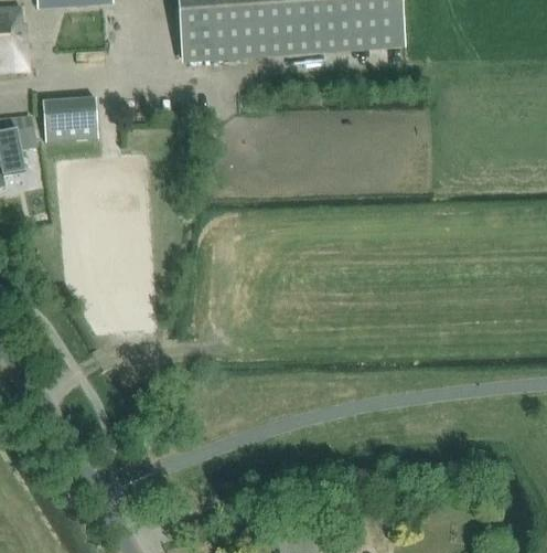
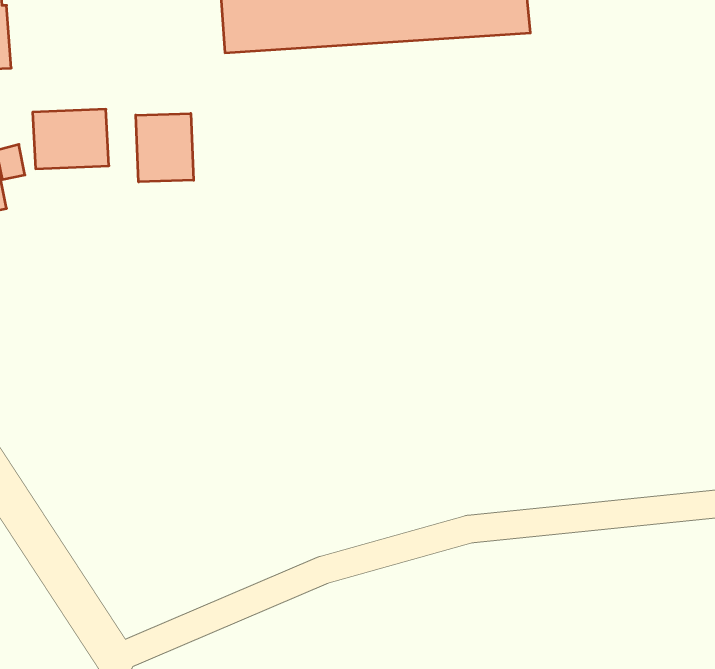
building: none -> [136,113,194,182]

